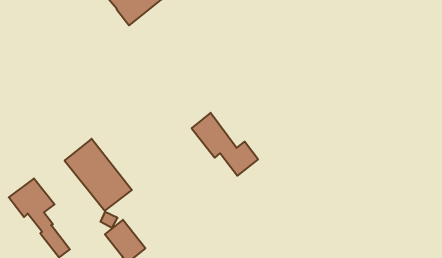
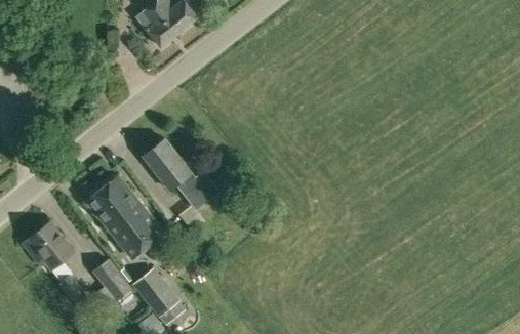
building: [192,113,258,176] -> [143,137,218,209]
building: none -> [91,258,133,300]

